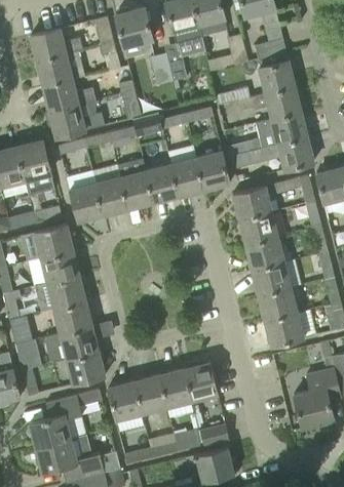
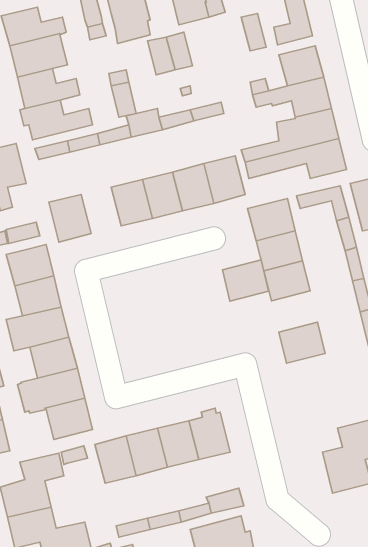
building: [95,176,128,214] -> none
building: [252,261,290,295] -> [222,260,269,301]
building: [264,313,303,347] -> none

